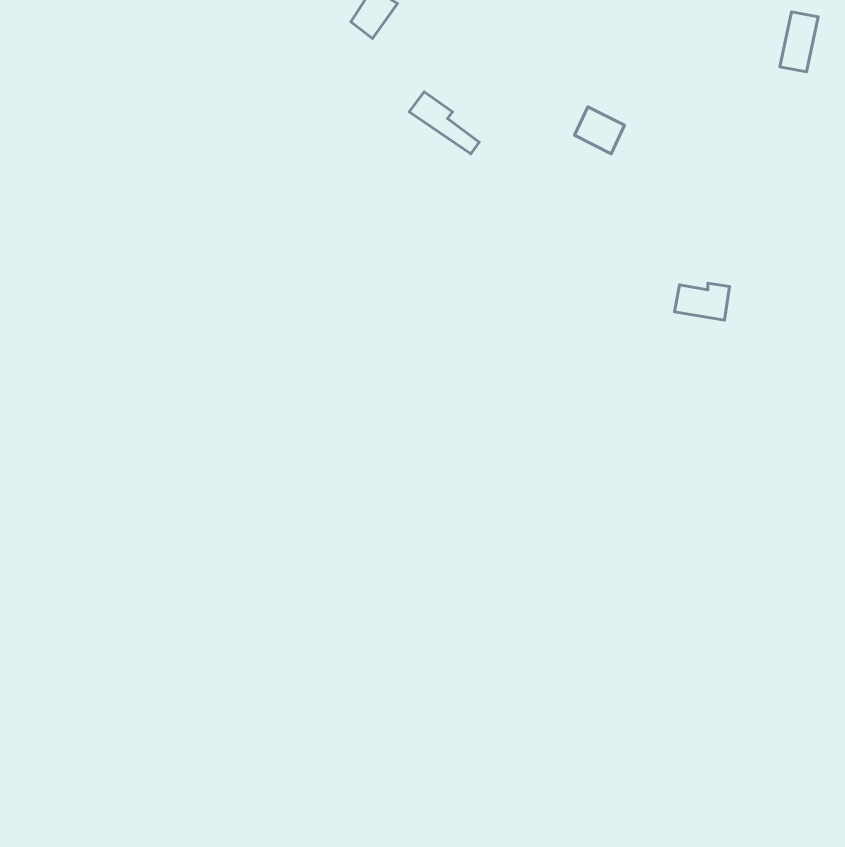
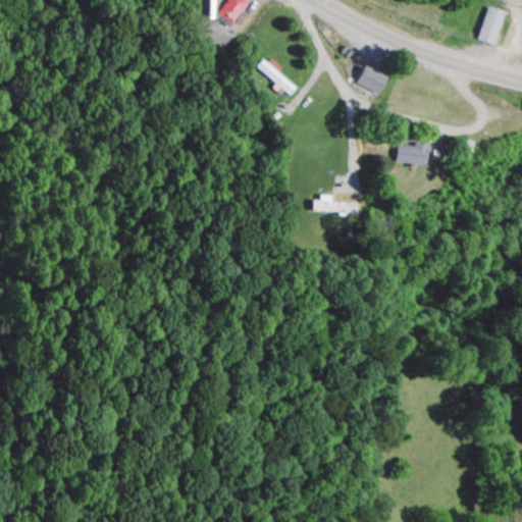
building: [674,283,729,320] -> [394,143,427,165]
building: none -> [311,194,360,214]

